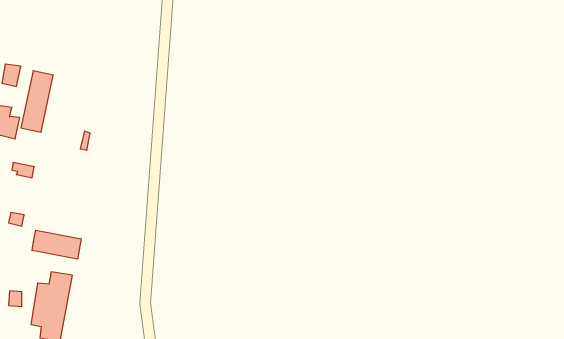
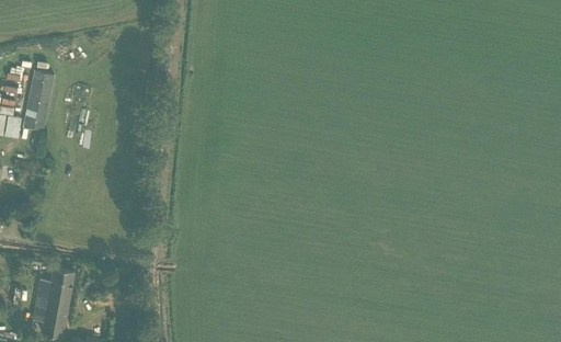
building: [32,230,81,259] -> none

